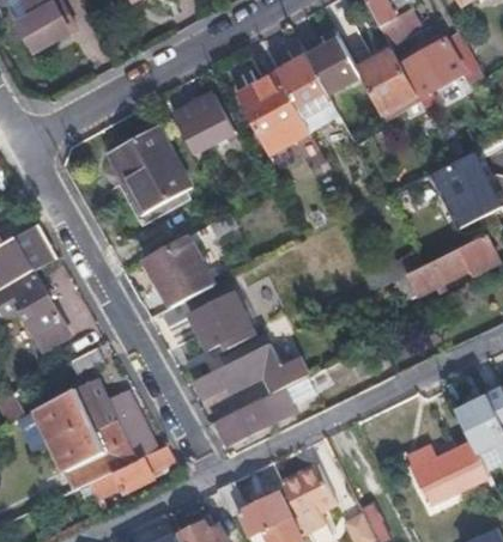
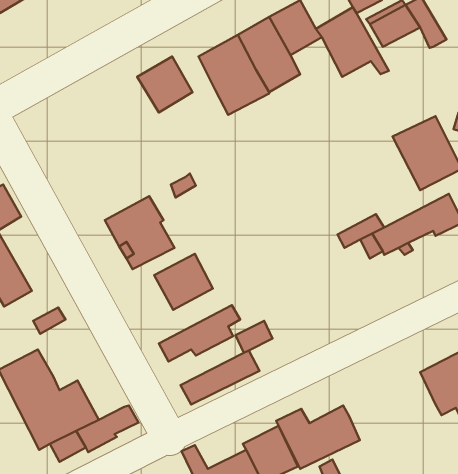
building: [109,127,189,213] -> none
building: [91,396,162,458] -> none
building: [406,443,490,506] -> [276,405,360,469]

